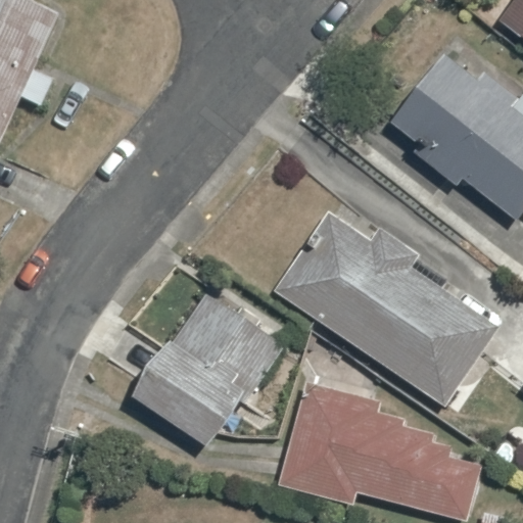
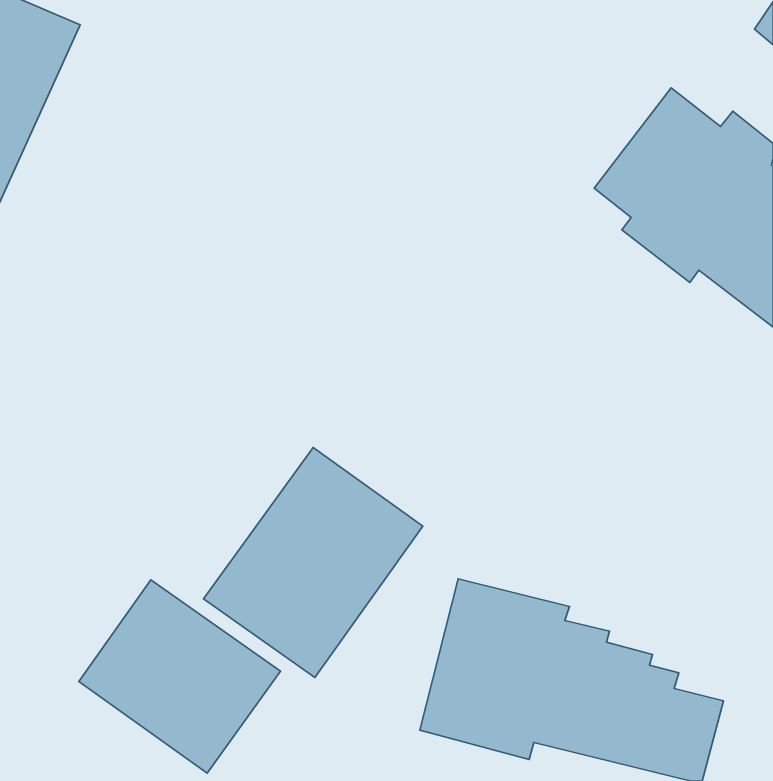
building: [274,212,496,406] -> none
building: none -> [79,580,281,773]

